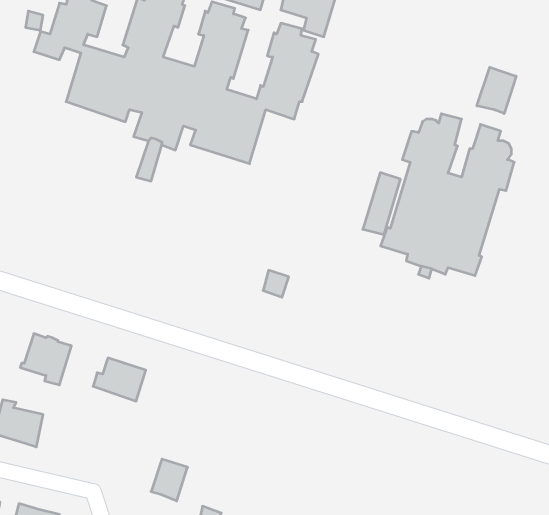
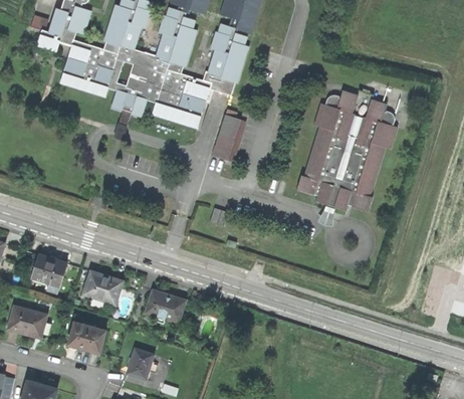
building: [477,67,516,114] -> none
building: [363,173,400,235] -> [214,114,242,160]
building: none -> [146,290,184,322]
building: none -> [68,322,105,353]

